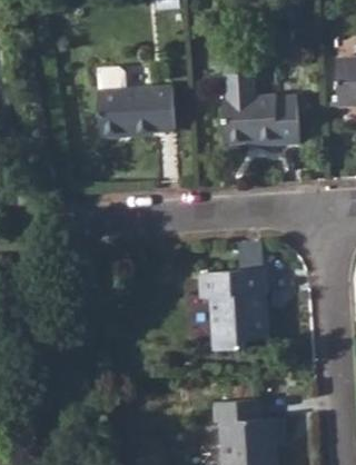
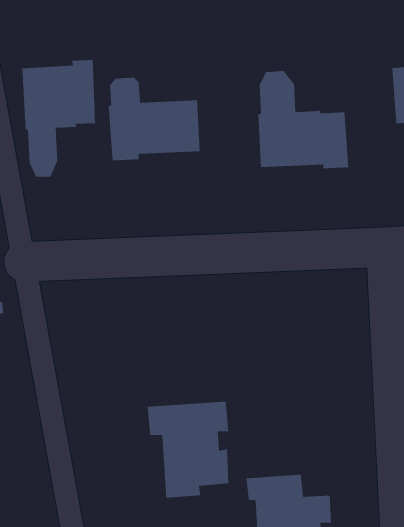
building: none -> [22,59,96,178]
building: [199,269,268,350] -> [147,401,229,498]

